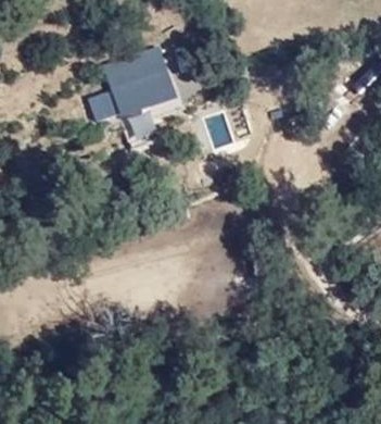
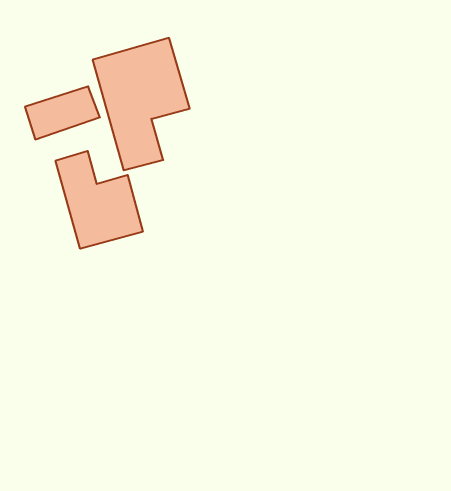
building: none -> [56,151,143,249]

